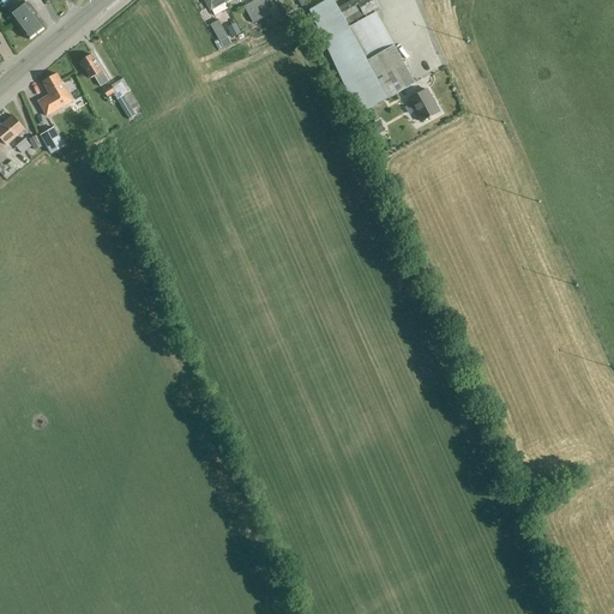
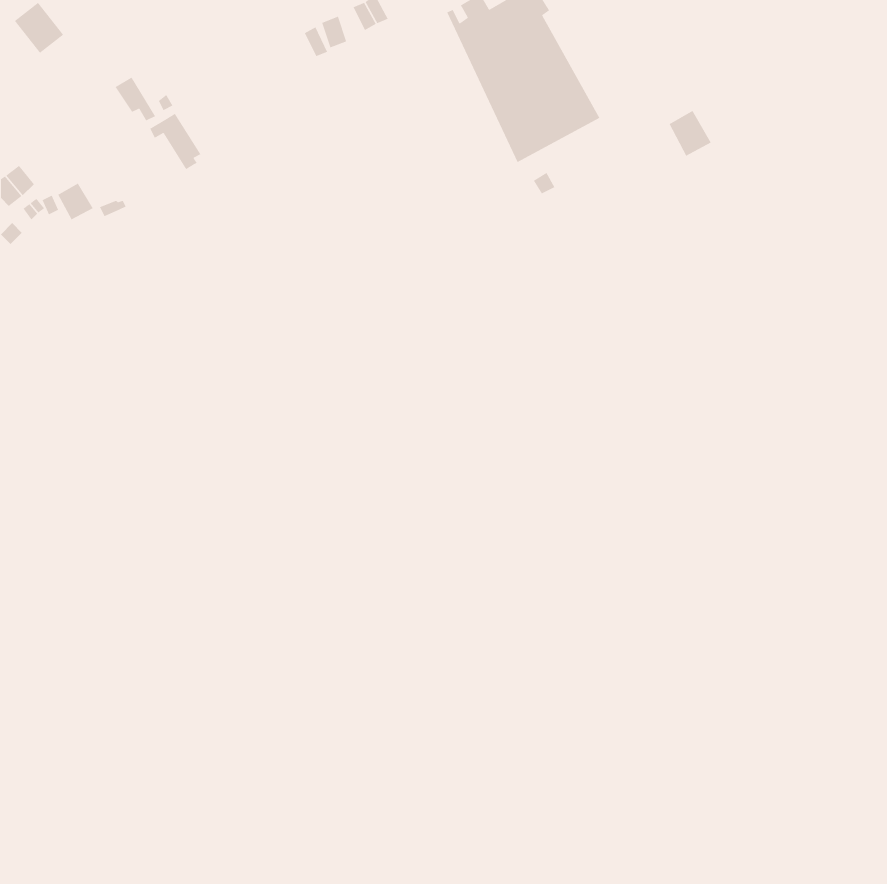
building: [38,72,73,114] -> none
building: [409,88,439,120] -> [668,110,712,157]

